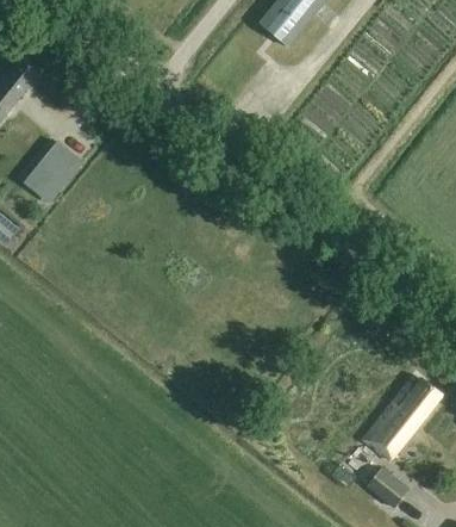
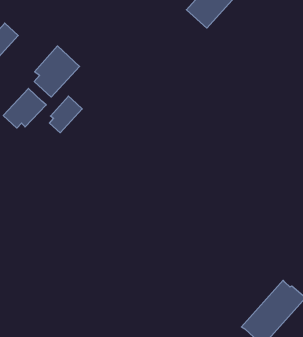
building: none -> [34,46,80,97]
building: none -> [49,96,82,133]

